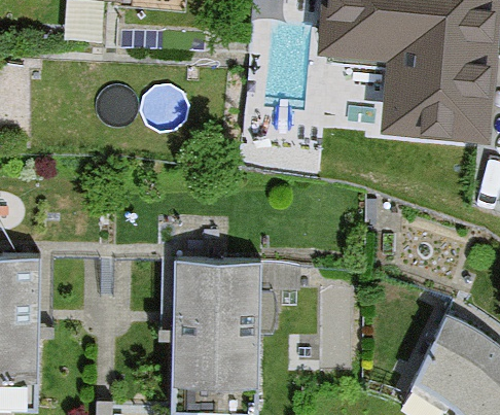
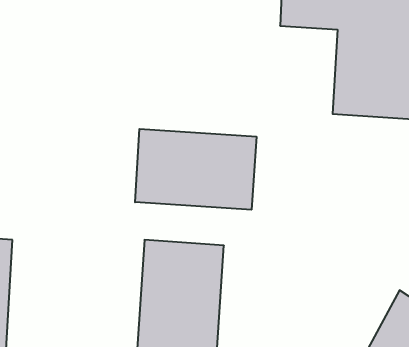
building: none -> [135,129,256,210]

